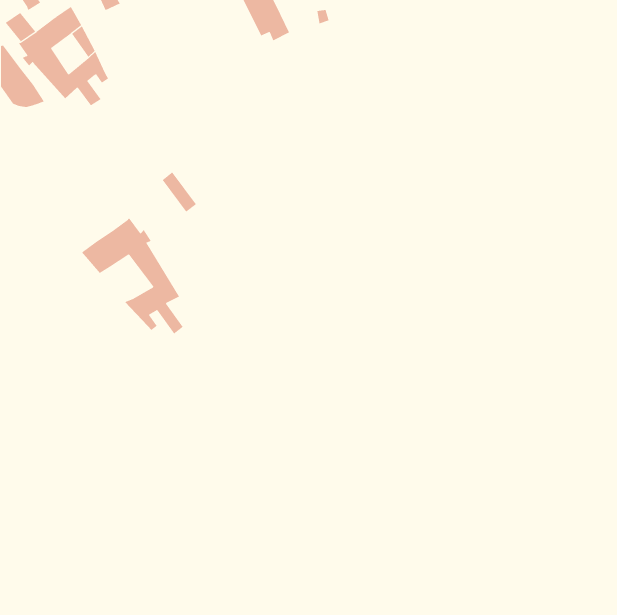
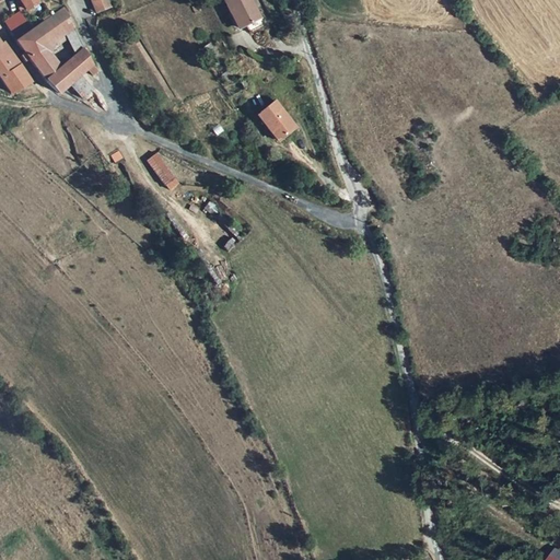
building: none -> [259,92,295,132]
building: [81,217,184,335] -> none

